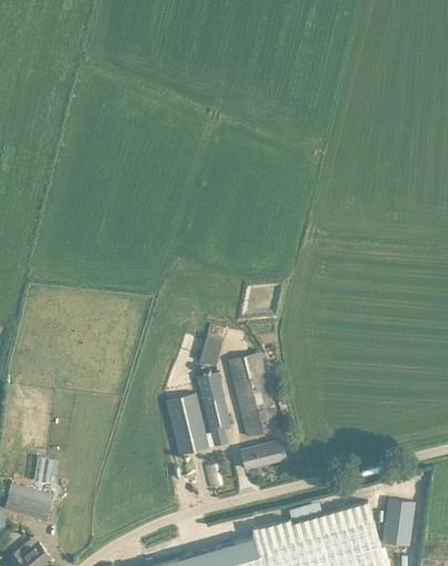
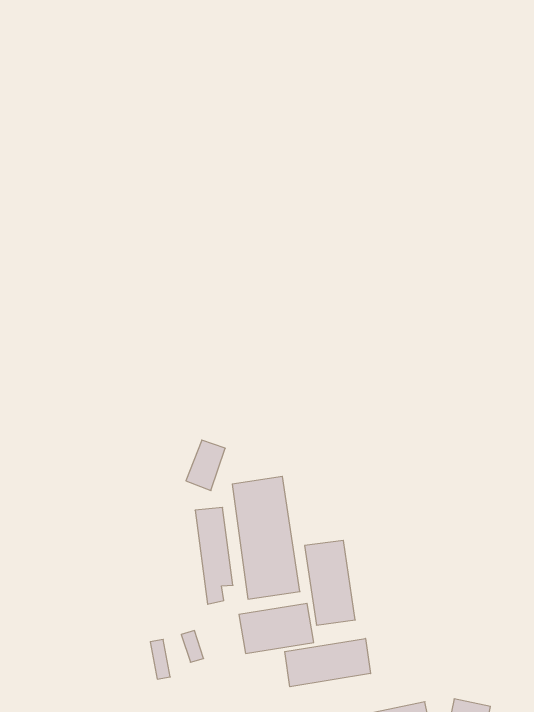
building: [166,400,205,460] -> [305,540,355,625]
building: none -> [285,638,371,687]

